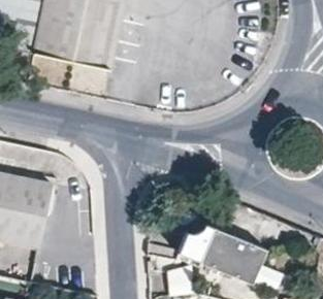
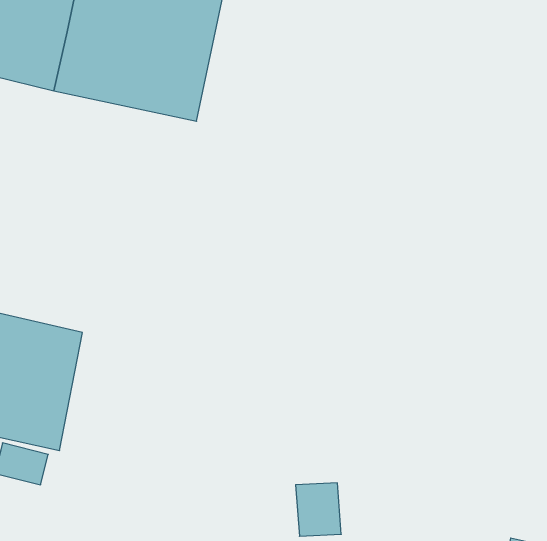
building: [176,222,263,281] -> none

